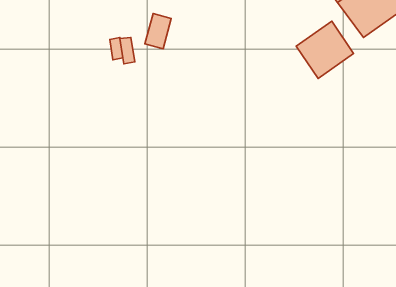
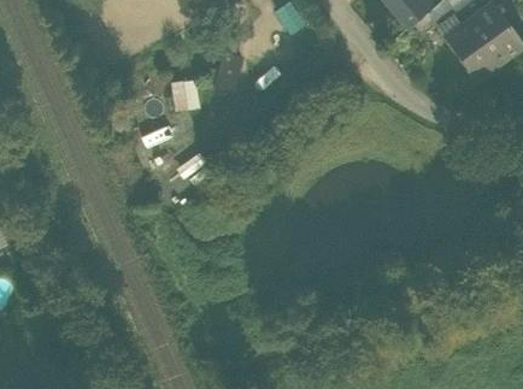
building: [296,21,354,79] -> none

